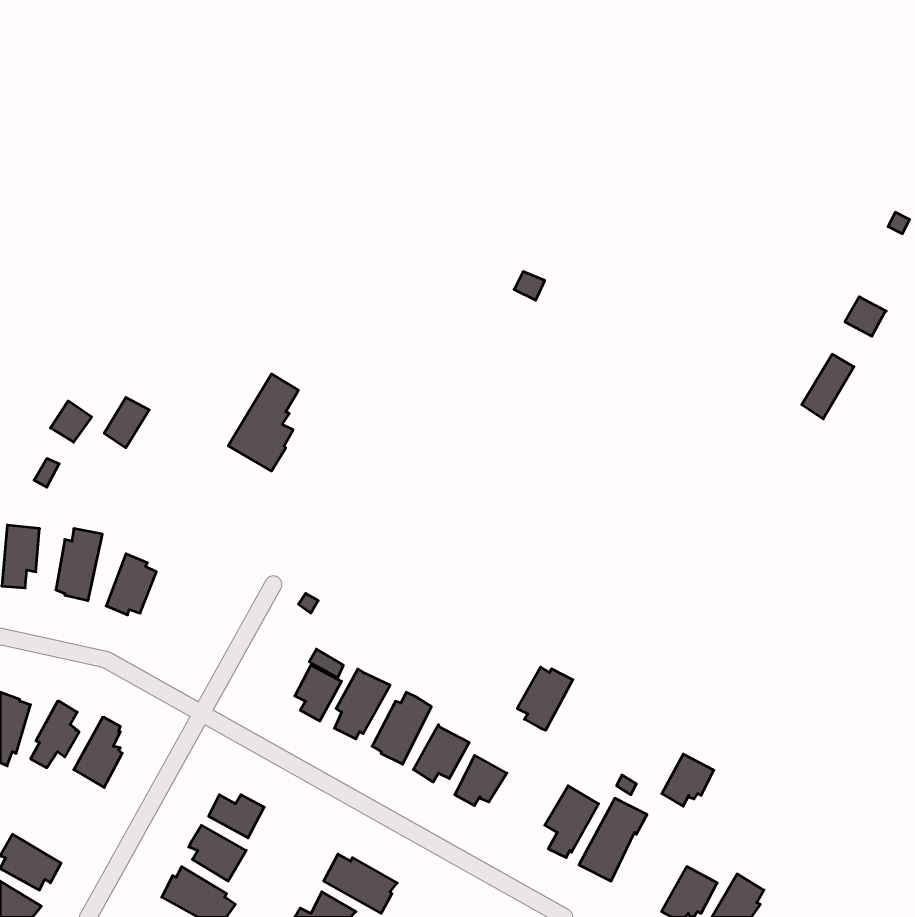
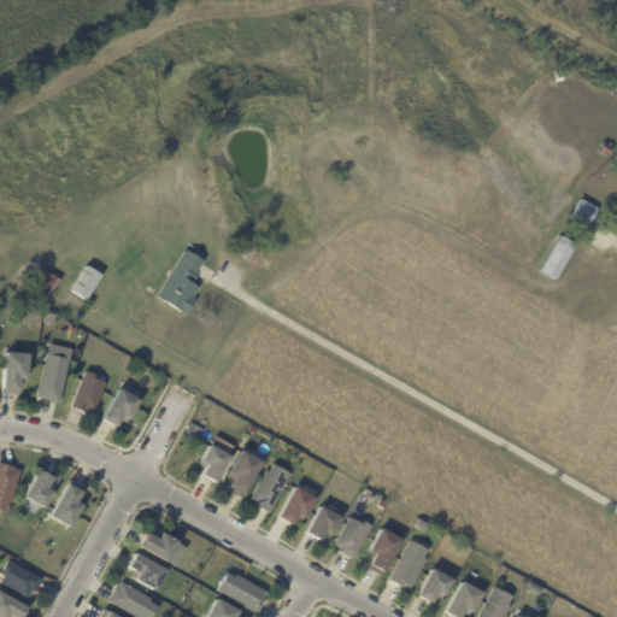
building: none -> [104,389,141,427]
building: [517,667,573,730] -> [336,517,374,559]
building: [662,754,714,806] -> [418,569,453,604]

